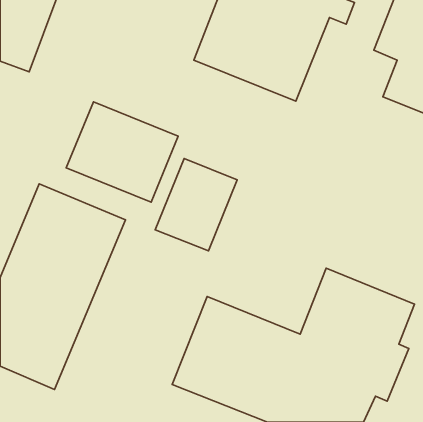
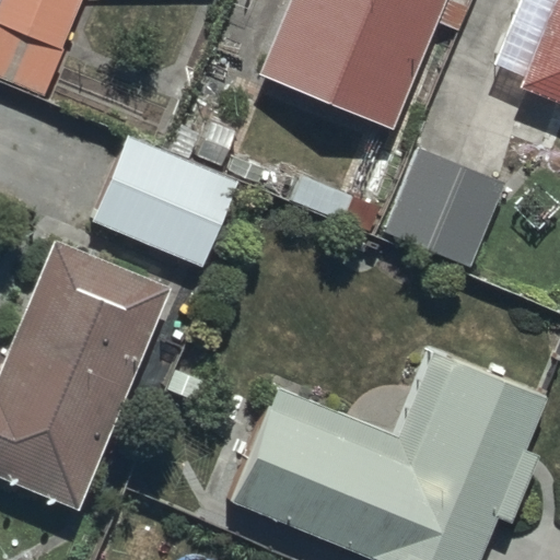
building: none -> [384,147,505,267]
building: [155,158,237,251] -> none

